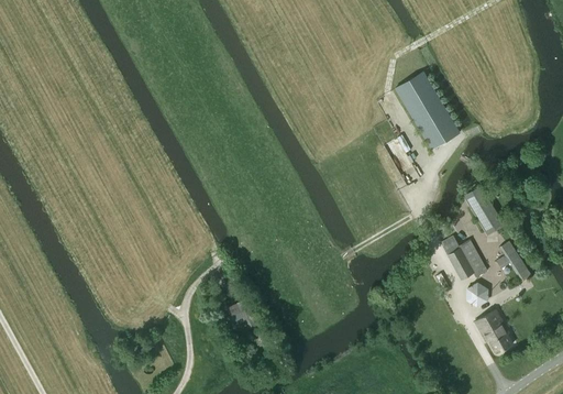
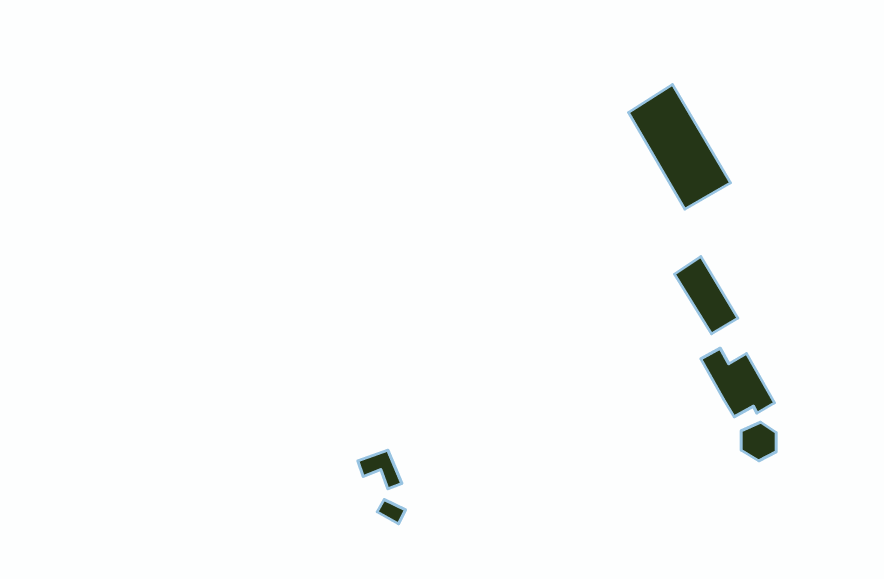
building: [464,186,504,234] -> [674,257,738,334]
building: [497,241,531,282] -> none
building: [474,310,512,354] -> none

